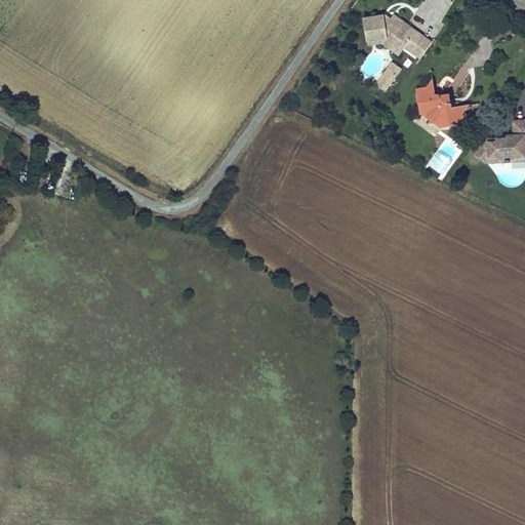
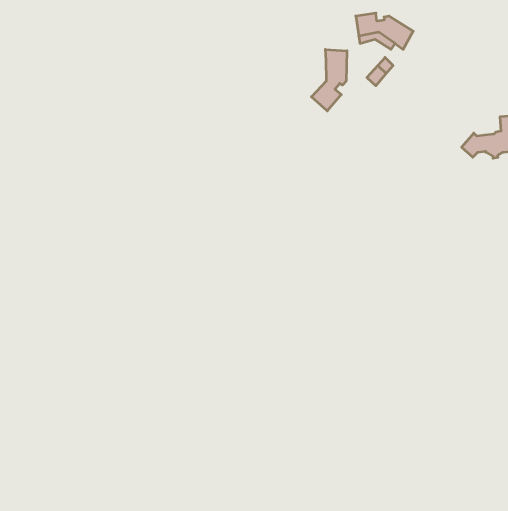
building: none -> [311,49,347,111]
building: [413,93,467,131] -> none

